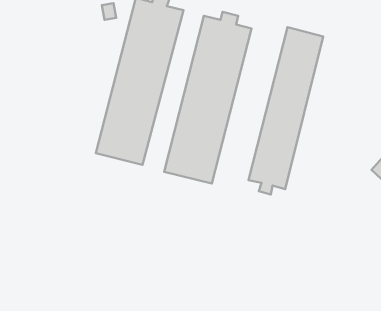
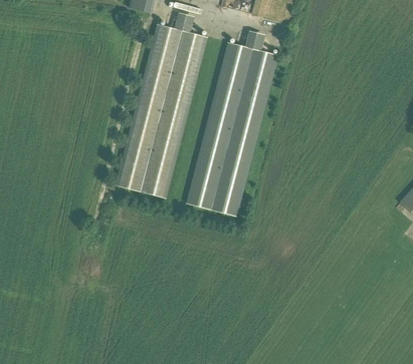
building: [248,27,323,194] -> none

